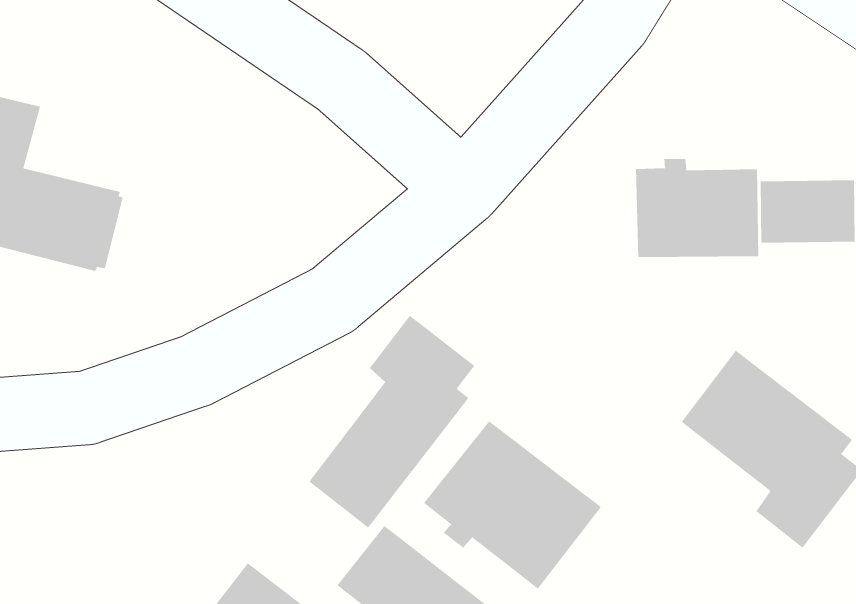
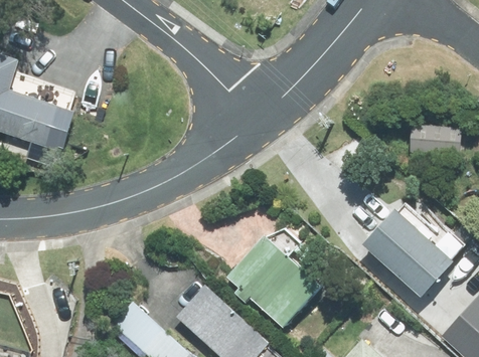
building: [636,158,759,258] -> none
building: [308,315,475,529] -> none

